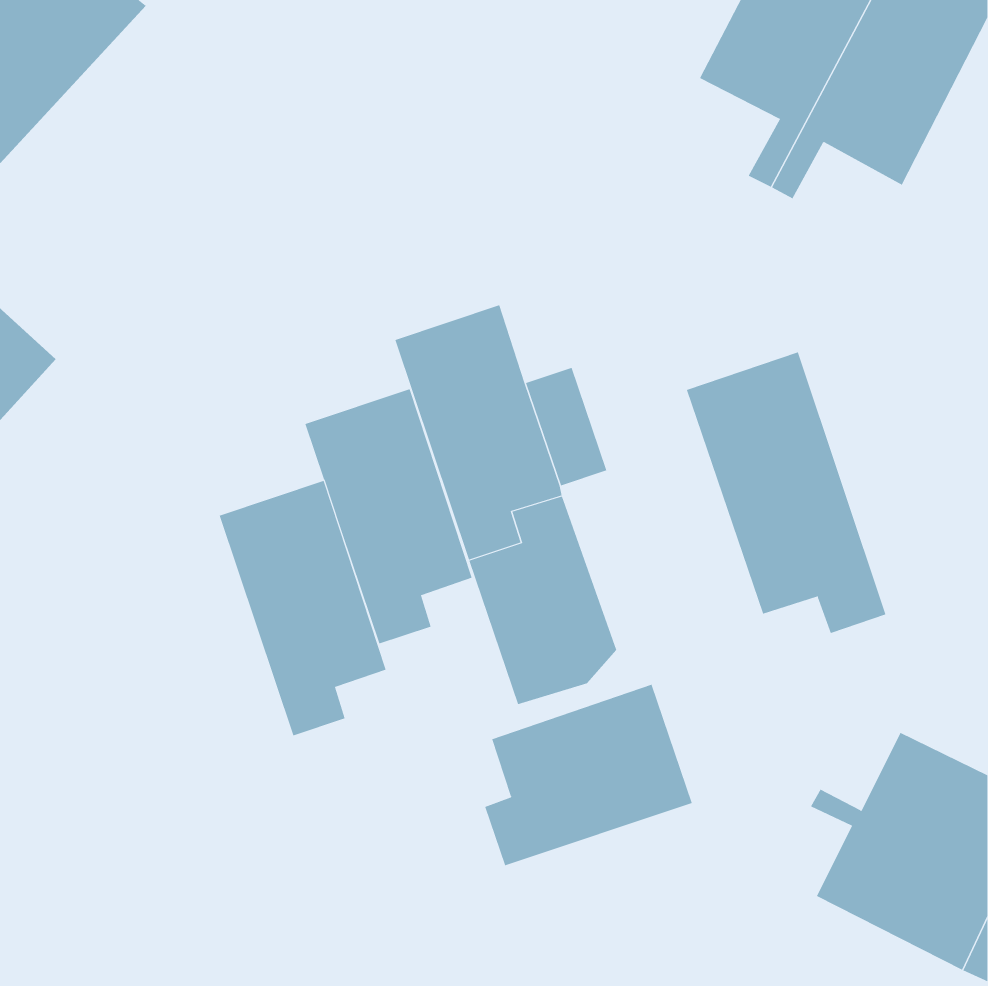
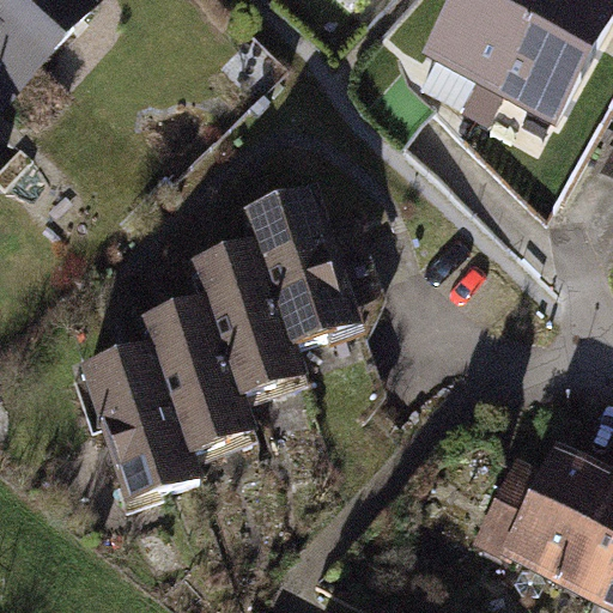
building: [686,352,886,634] -> none
building: none -> [79,342,188,488]
building: [484,684,692,866] -> none

